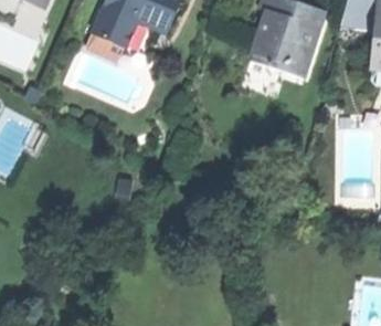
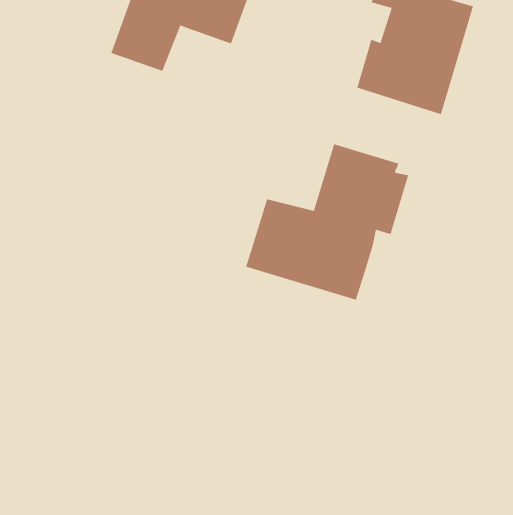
building: none -> [246,144,409,301]

